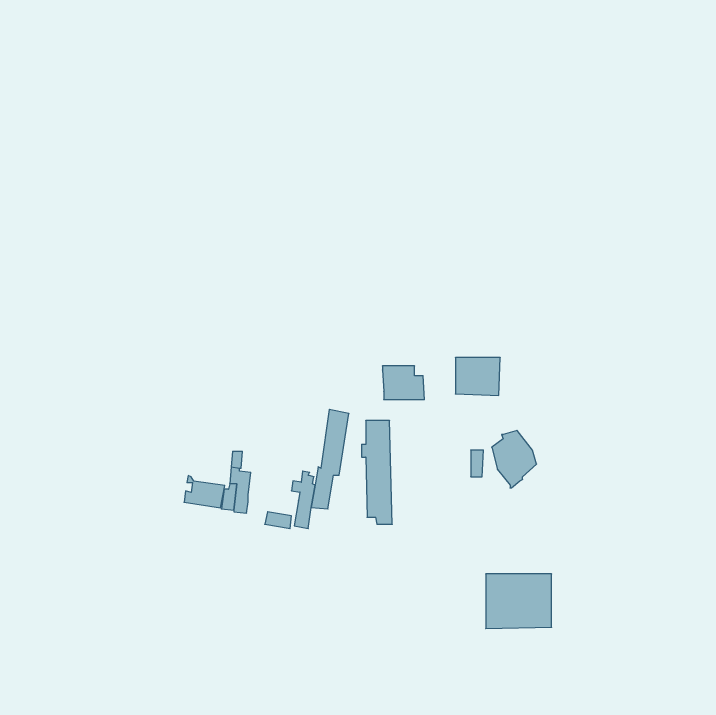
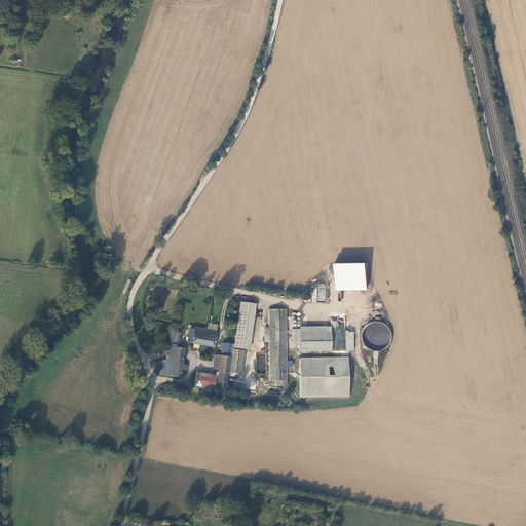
building: [382,366,424,400] -> [298,326,329,350]
building: [184,476,225,508] -> [187,322,217,345]
building: [486,574,552,629] -> [299,356,347,397]

